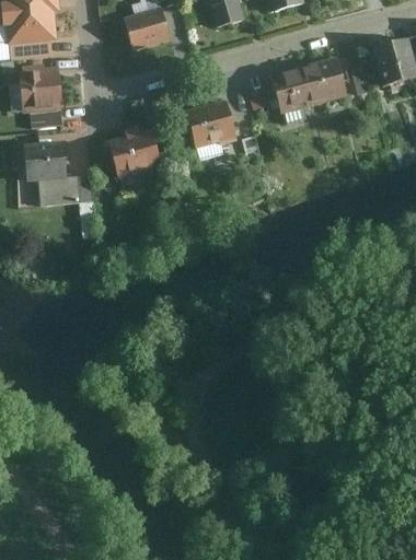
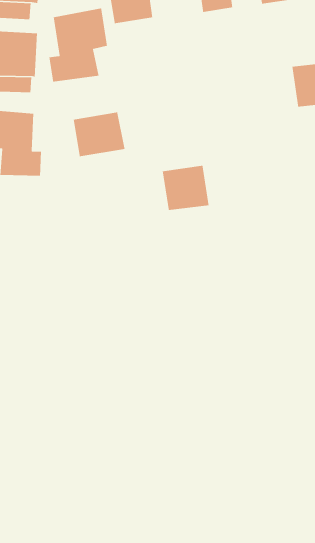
building: none -> [49,7,108,82]
building: [274,66,316,112] -> none
building: [185,101,234,149] -> [162,165,209,211]

